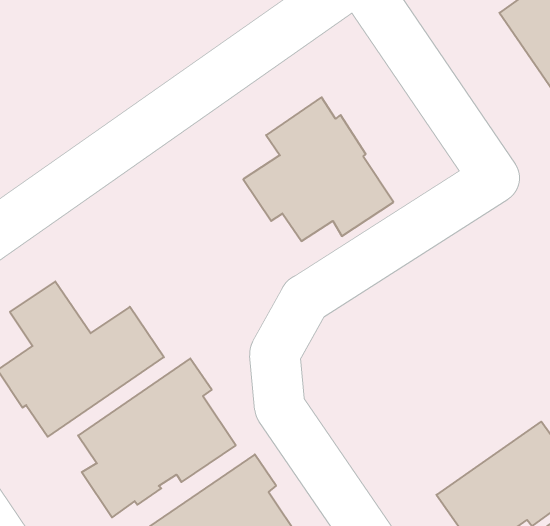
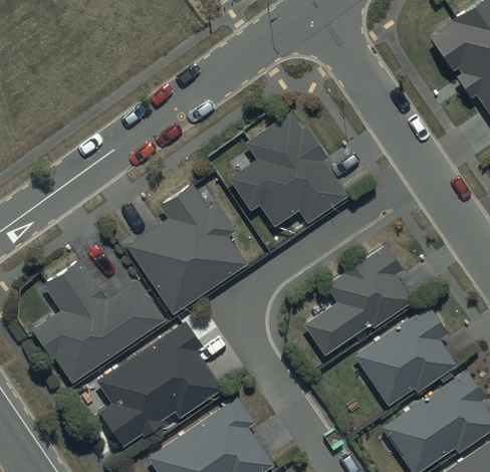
building: none -> [131,196,245,319]
building: none -> [303,245,415,357]
building: none -> [354,305,457,406]

